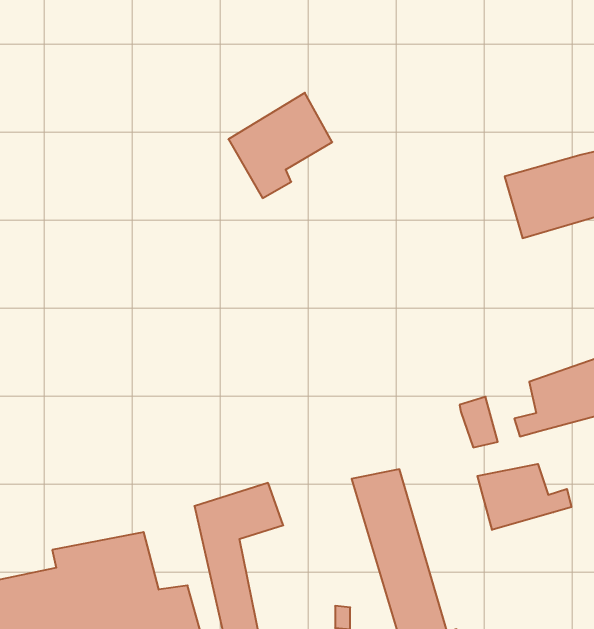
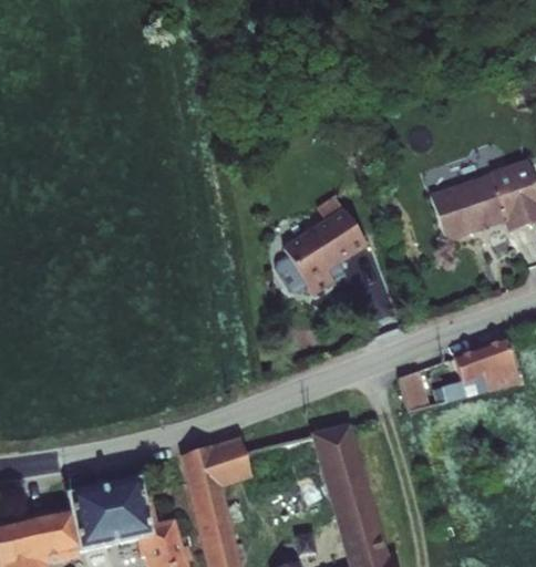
building: [228,93,332,198] -> [281,199,365,285]
building: [477,464,571,530] -> none

